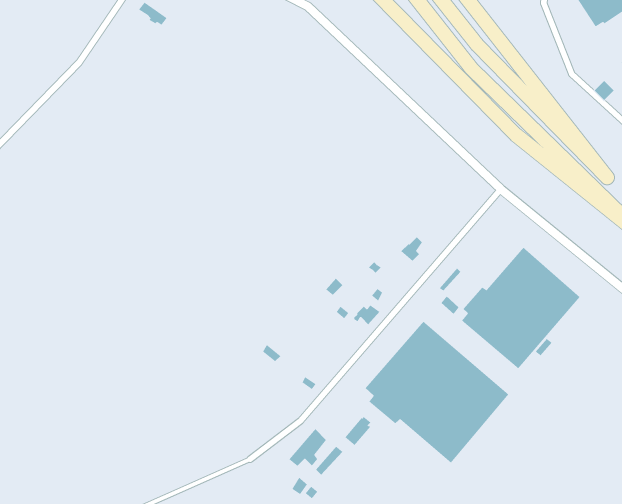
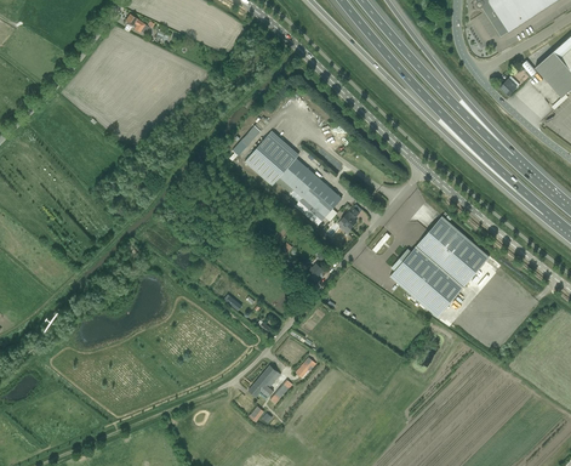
building: none -> [245,135,342,226]
building: [365,321,509,463] -> none

